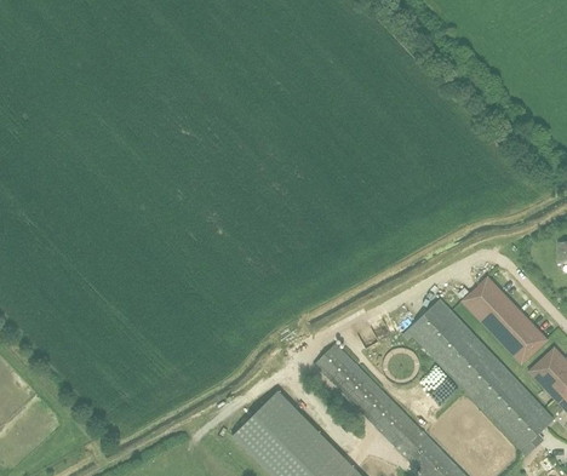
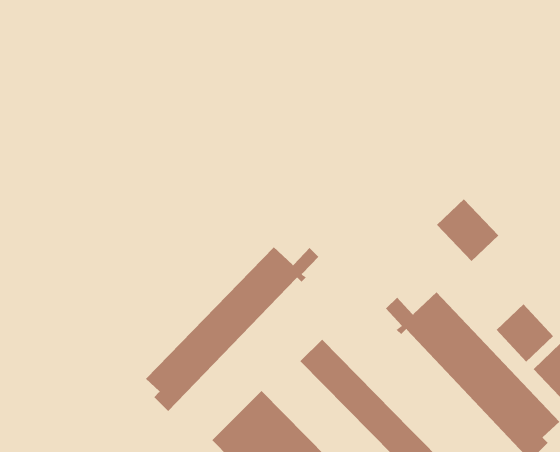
building: none -> [145,247,319,412]
building: [462,276,520,334] -> [436,199,499,262]

